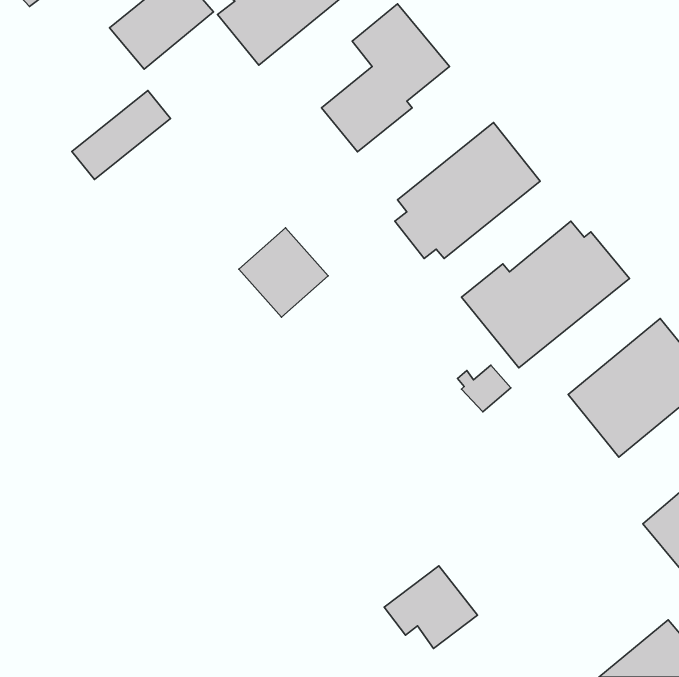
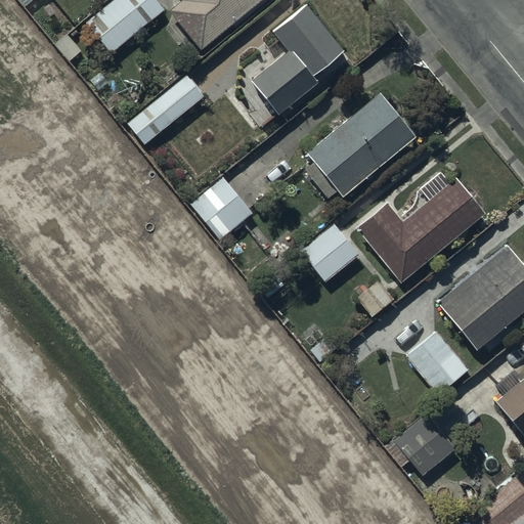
building: [72,90,170,180] -> [127,75,203,143]
building: none -> [301,223,361,281]
building: none -> [406,331,470,394]
building: [384,566,478,648] -> [385,413,456,477]

